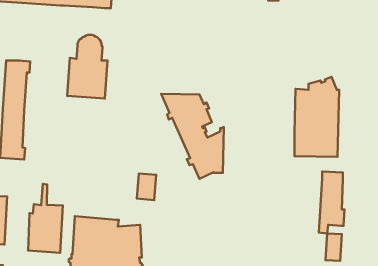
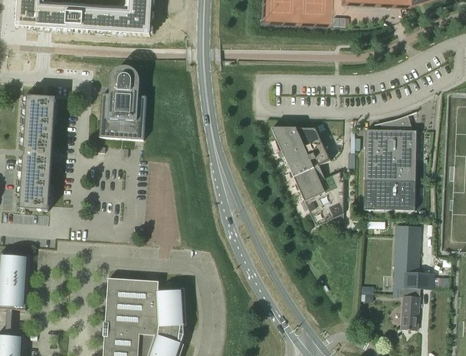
building: [161,94,224,179] -> [270,127,343,226]
building: [137,174,156,200] -> none
building: [28,184,63,253] -> none

